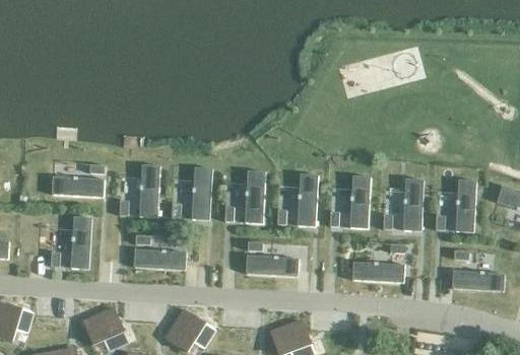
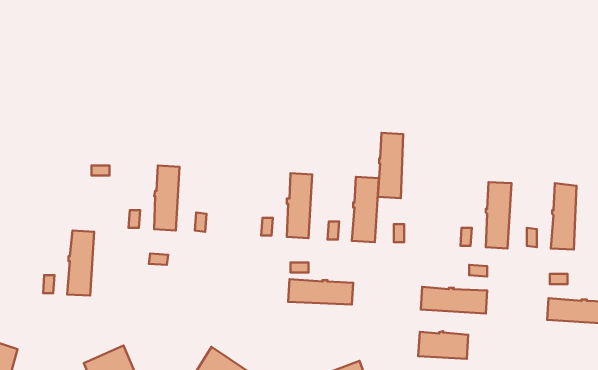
building: [190,166,211,219] -> none
building: [51,175,103,196] -> none
building: [348,175,369,227] -> [378,133,403,198]
building: [132,248,185,269] -> none
building: none -> [418,331,468,359]

